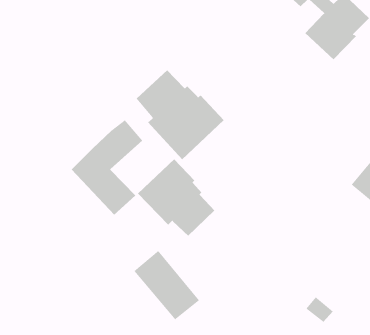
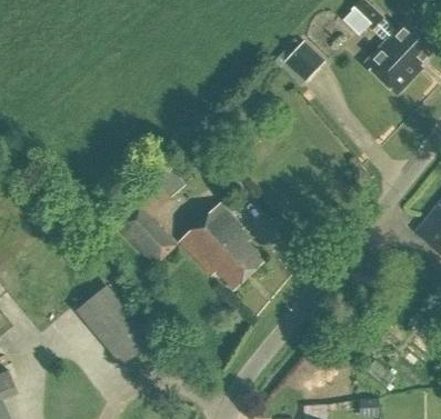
building: none -> [287,42,325,82]
building: [136,69,225,160] -> none
building: [134,250,200,320] -> [80,286,153,363]

